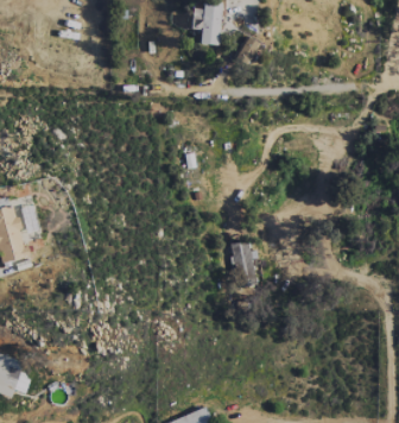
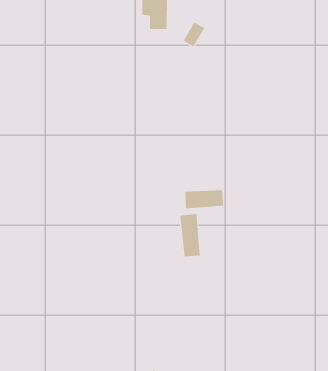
building: none -> [185,189,224,209]

